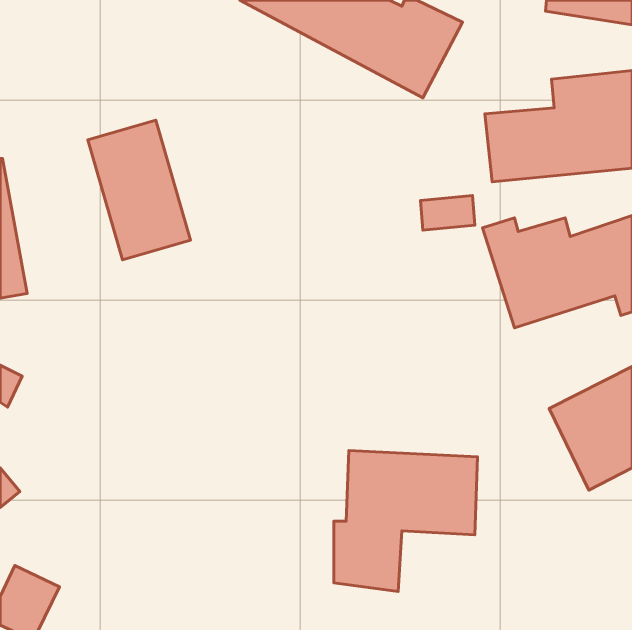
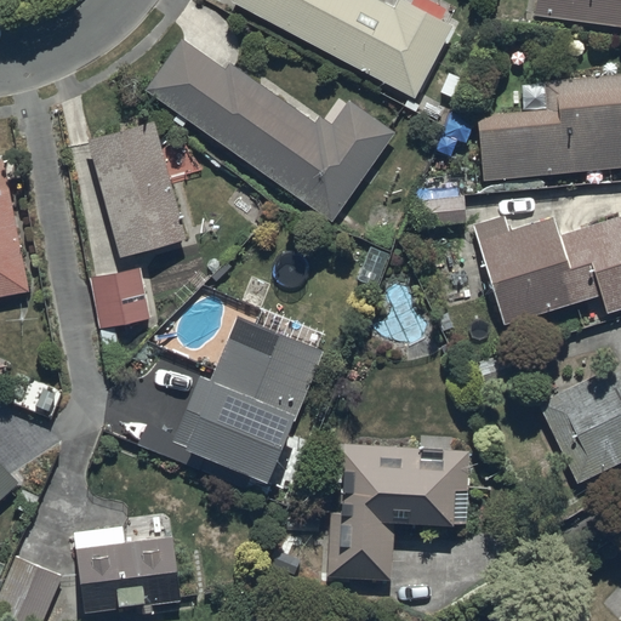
building: none -> [142,39,394,223]
building: none -> [87,267,149,329]
building: none -> [172,315,321,480]
building: none -> [73,524,182,614]

